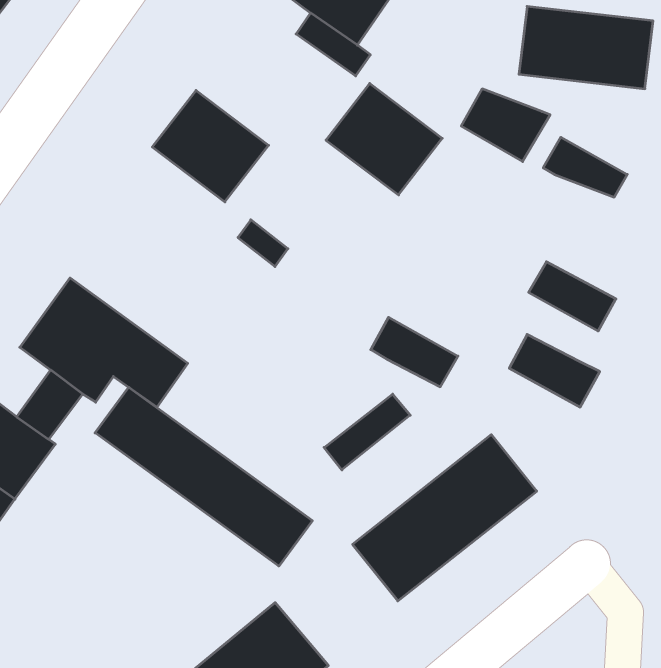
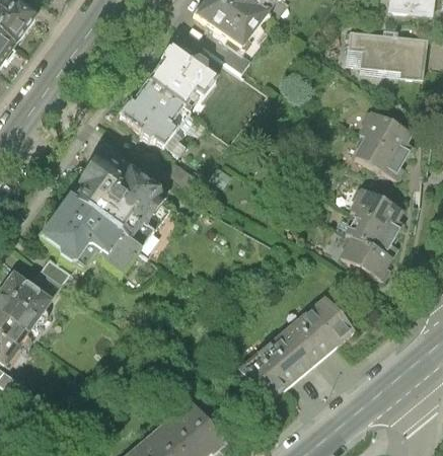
building: [326,83,442,195] -> [143,44,216,113]
building: [461,89,550,162] -> [355,132,411,177]
building: none -> [64,149,172,250]
building: [371,317,458,387] -> [341,206,395,249]
building: [95,387,312,566] -> none
building: [324,394,410,470] -> none

